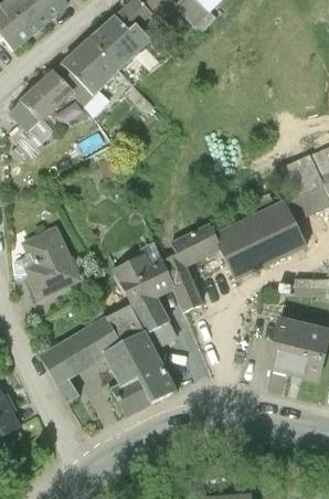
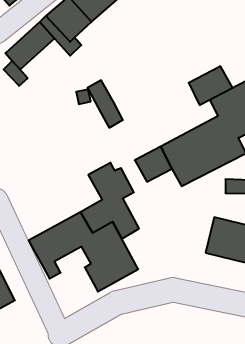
building: none -> [189,66,232,105]
building: [22,225,81,299] -> none
building: [157,247,202,308] -> [87,80,123,128]

